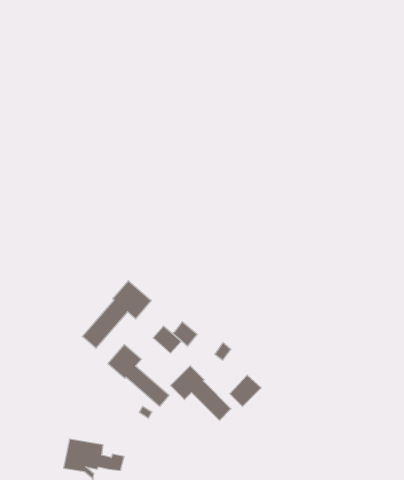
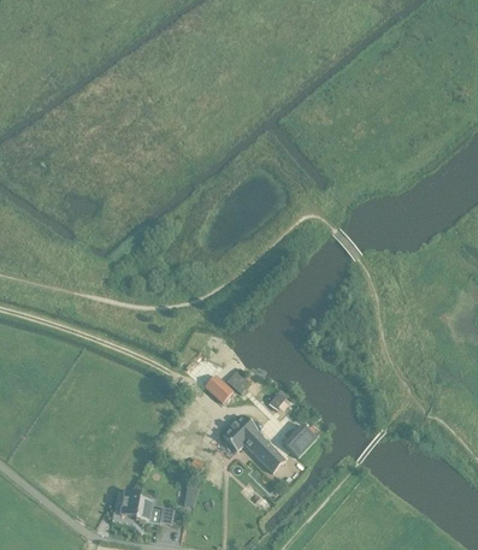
building: [82,281,151,348] -> none
building: [108,345,169,406] -> none

